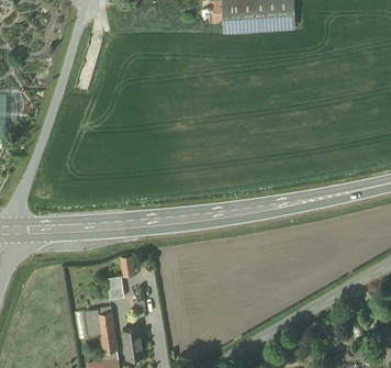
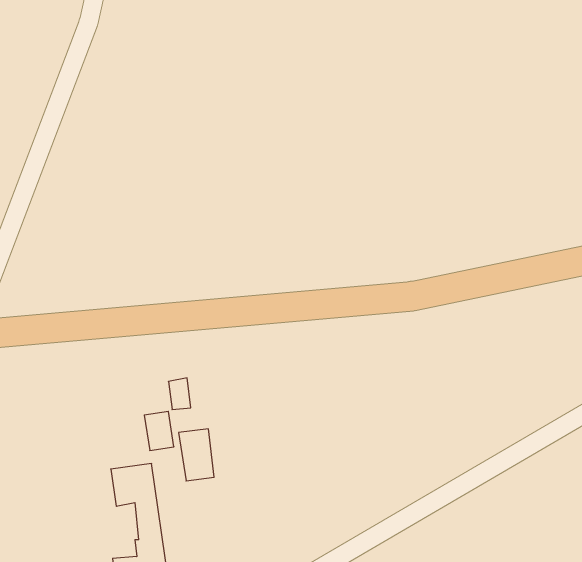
building: [122,327,143,358] -> [179,429,214,481]

